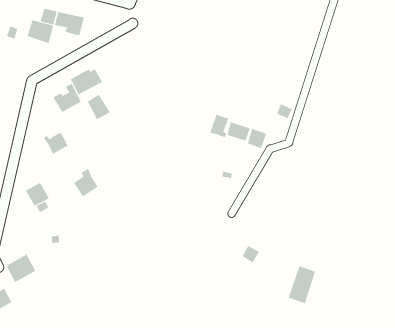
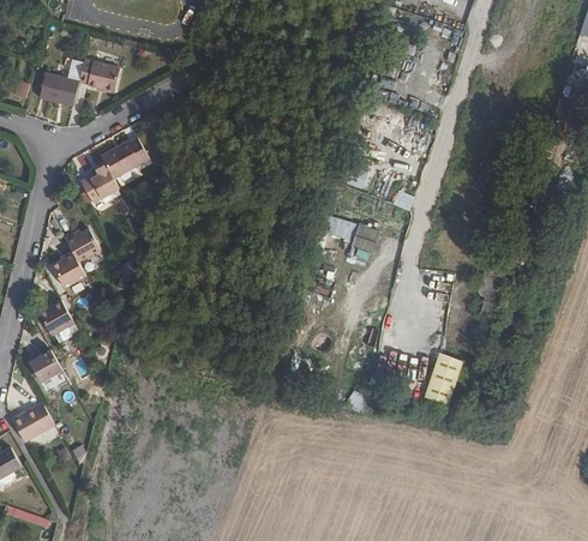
building: [87,94,111,120] -> none
building: [210,114,229,138] -> none
building: [73,168,99,197] -> [52,251,88,291]
building: none -> [24,347,61,383]
building: [288,265,316,304] -> [422,353,462,407]

